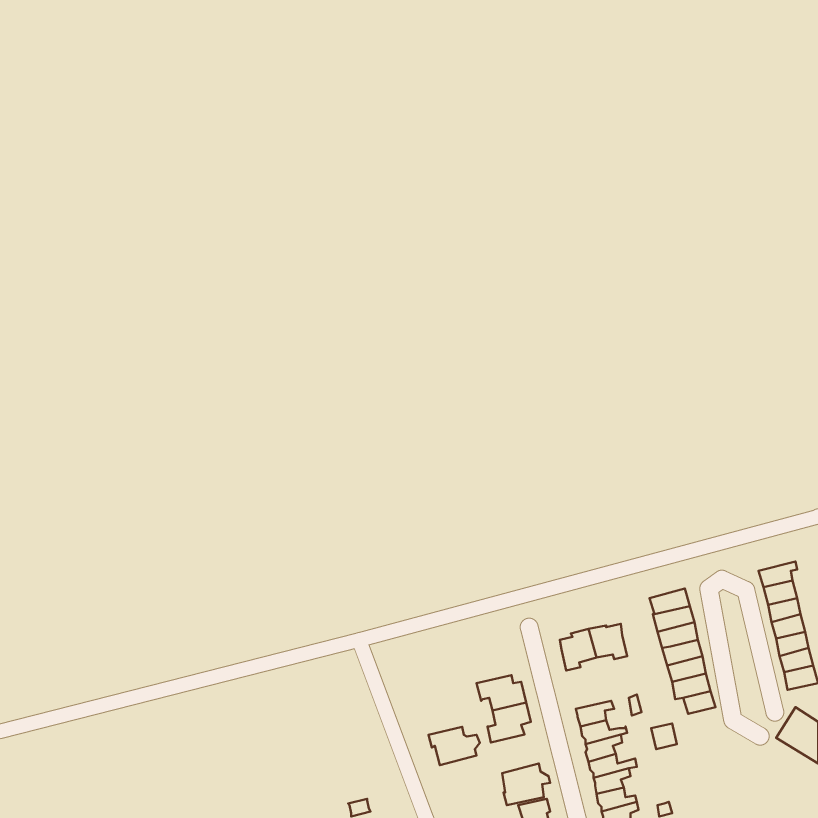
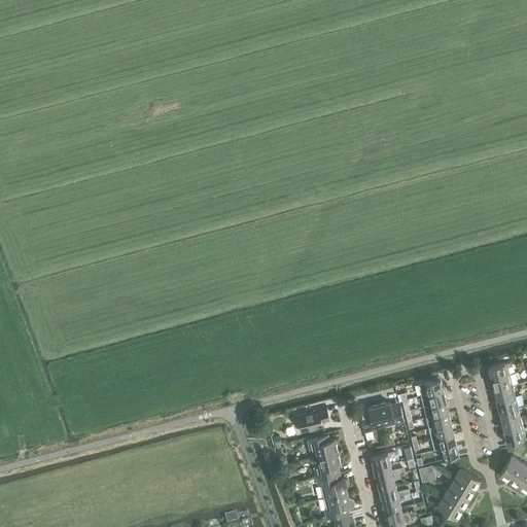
building: none -> [296,406,328,431]
building: none -> [435,467,480,518]
building: [428,727,480,765] -> [315,472,348,497]

